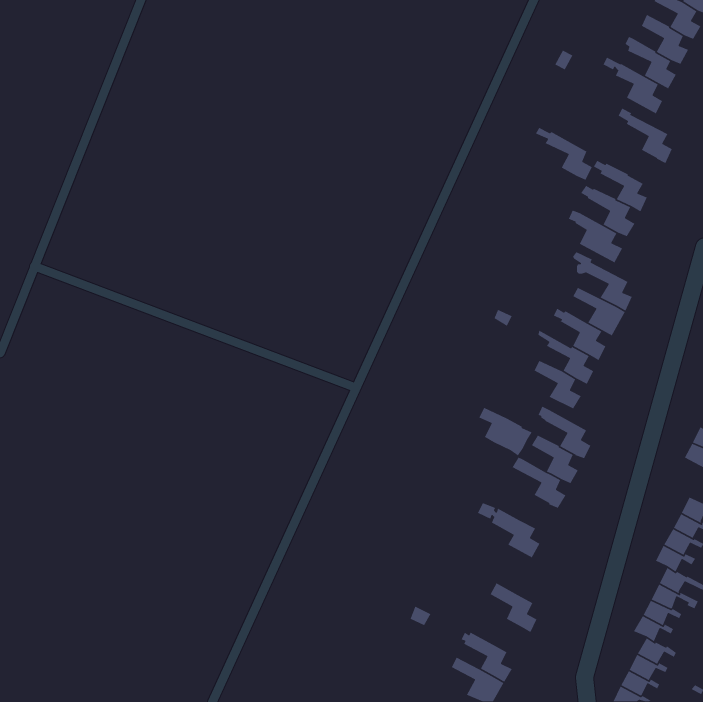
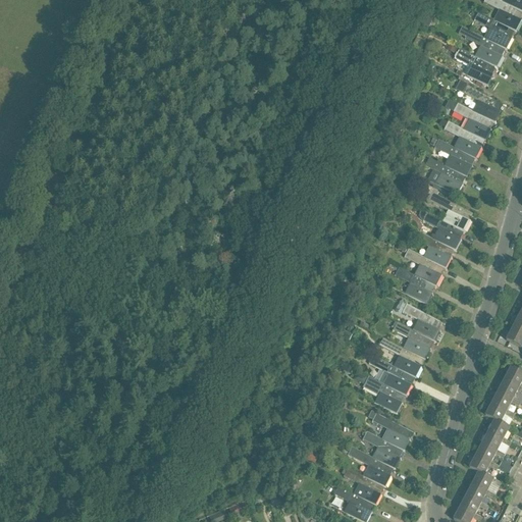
building: [535,127,593,181] -> [447,99,489,139]
building: [478,407,532,457] -> [374,358,414,395]
building: none -> [369,410,409,450]
building: none -> [344,447,389,486]

